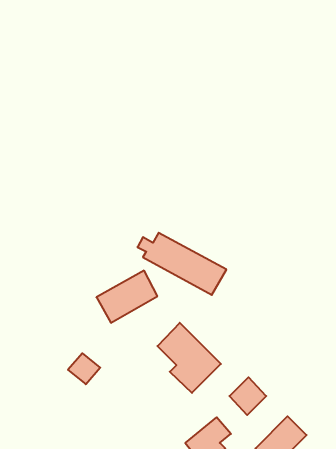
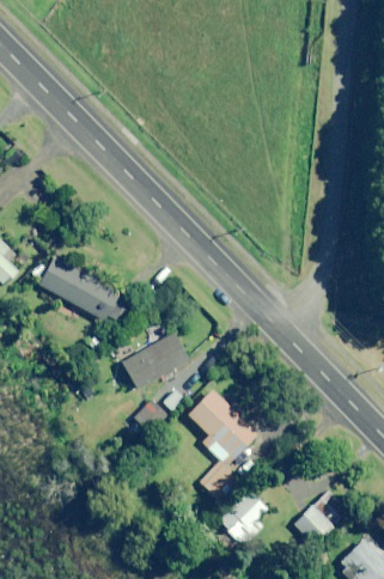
building: [137,233,226,295] -> [32,257,128,324]
building: [68,353,100,384] -> [133,401,167,434]
building: [229,377,266,415] -> [200,461,239,501]

